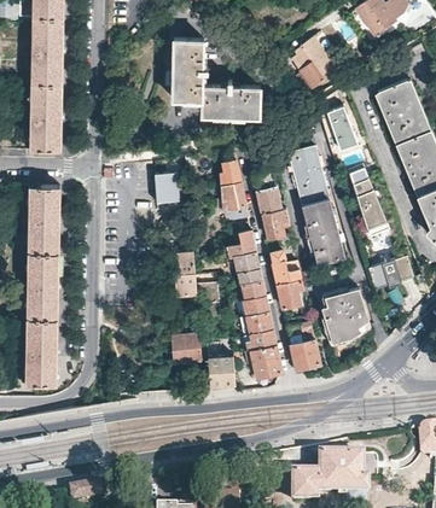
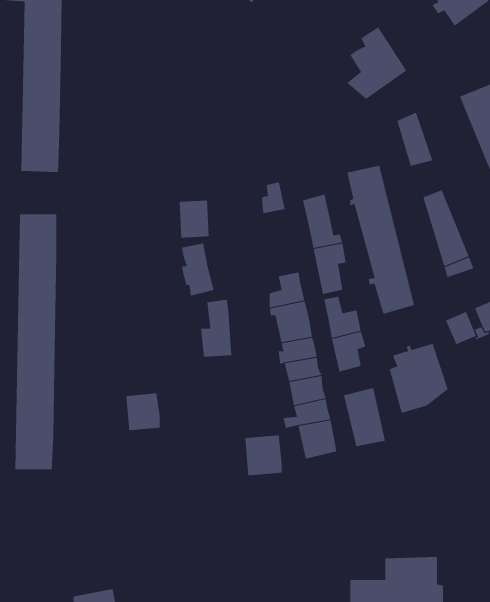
building: [172,40,260,117] -> none
building: [222,181,249,223] -> [181,243,215,296]
building: [175,335,203,366] -> [125,393,160,431]

